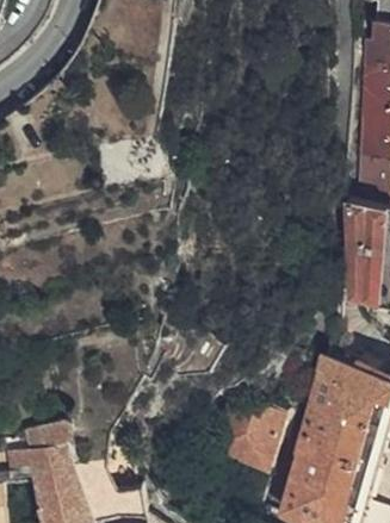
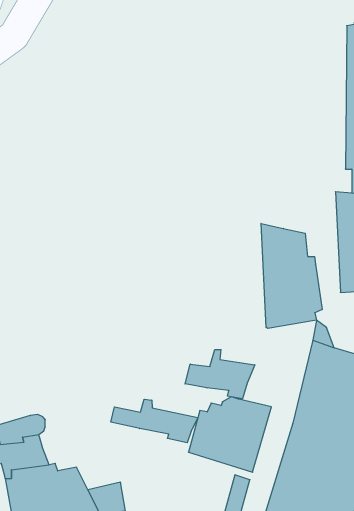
building: none -> [261,223,322,328]
building: none -> [185,350,255,399]
building: none -> [111,399,198,443]

